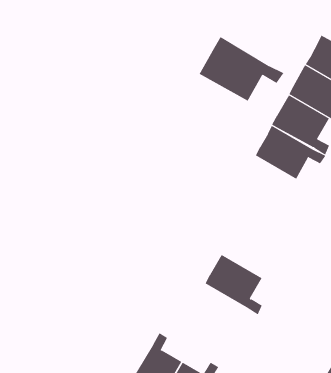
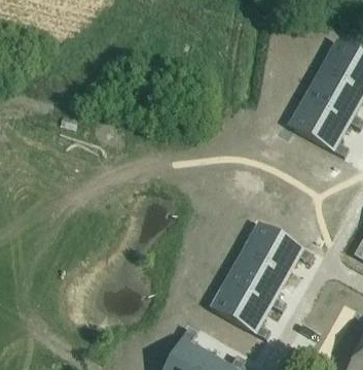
building: [199,36,284,102] -> none
building: [255,125,326,179] -> [246,223,313,274]
building: none -> [214,279,269,337]

